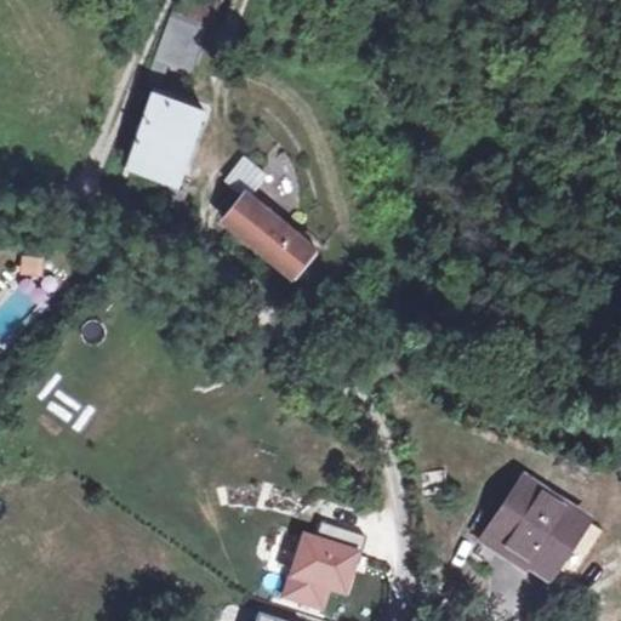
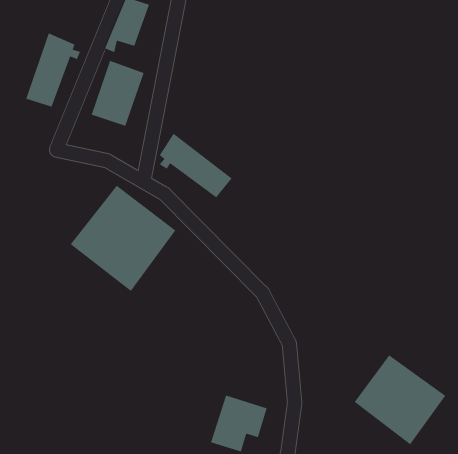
building: none -> [25,33,81,108]
building: none -> [70,185,176,292]

